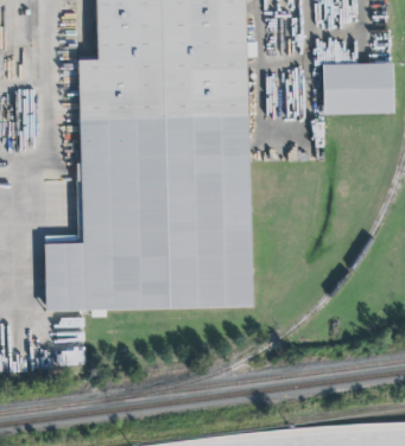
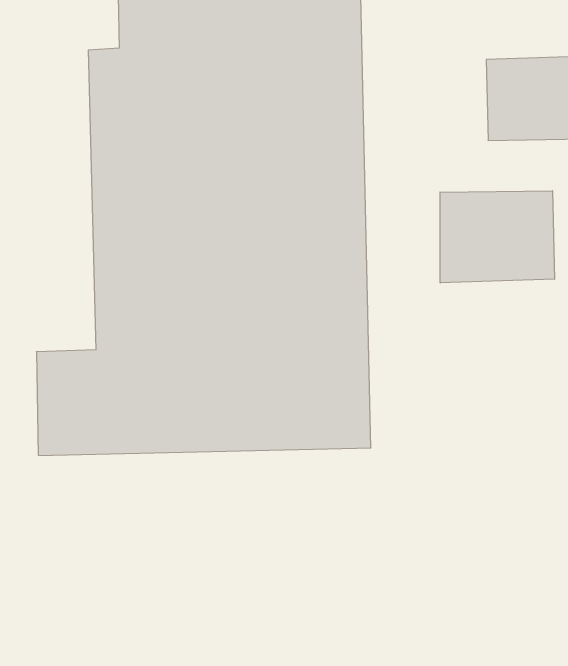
building: none -> [440,191,554,283]

